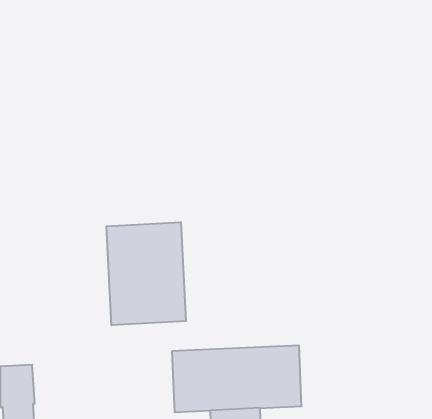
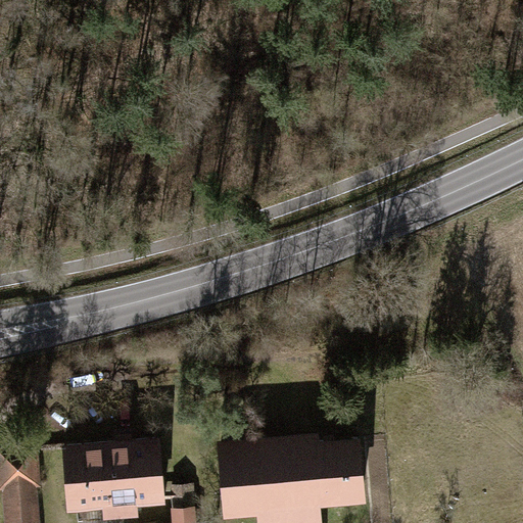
building: [106,222,186,325] -> none
building: none -> [62,444,163,517]

